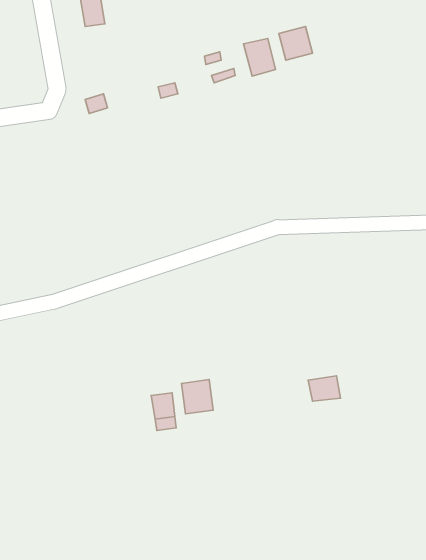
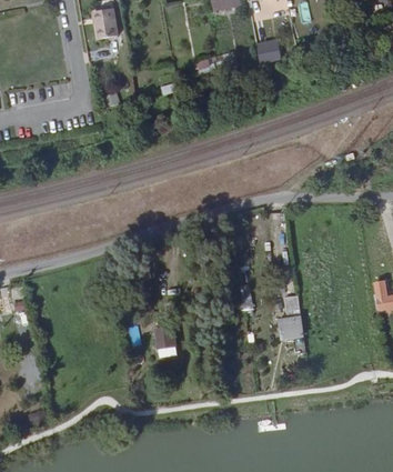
building: [244,38,276,76] -> none
building: [181,380,213,414] -> none

